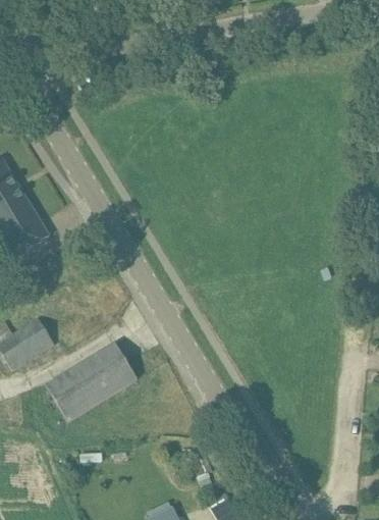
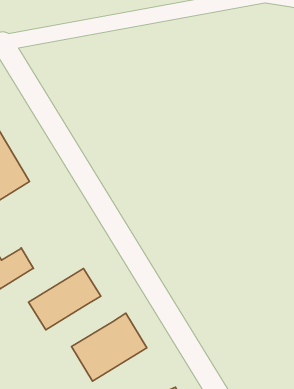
building: none -> [71,313,147,381]

